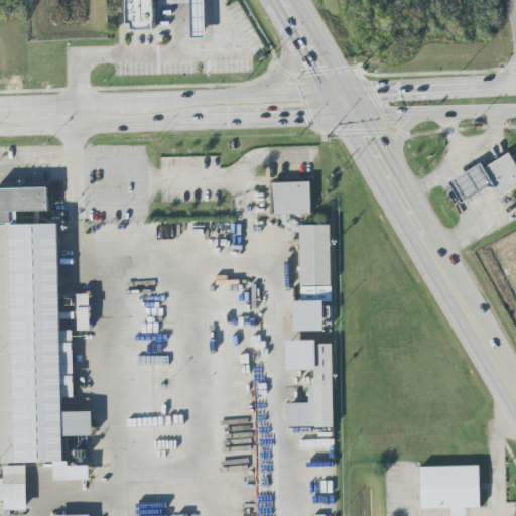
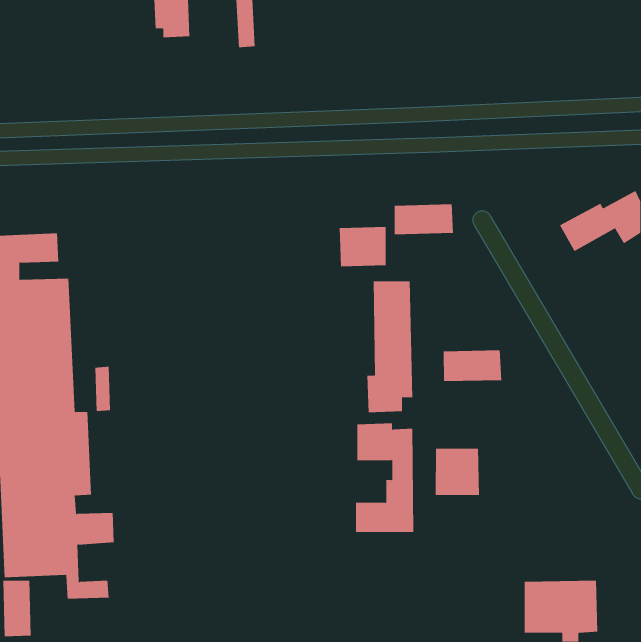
building: none -> [394,204,454,235]
building: none -> [443,350,502,382]
building: none -> [435,448,479,496]

